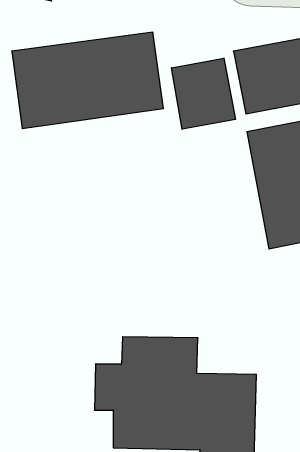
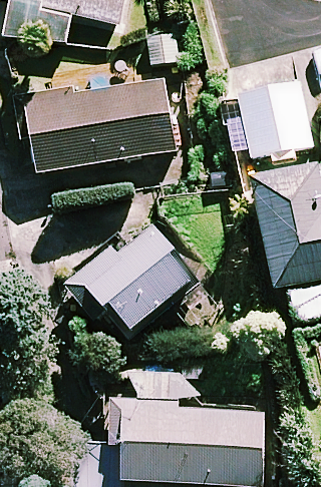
building: [171,58,235,129] -> none
building: none -> [66,218,194,339]

